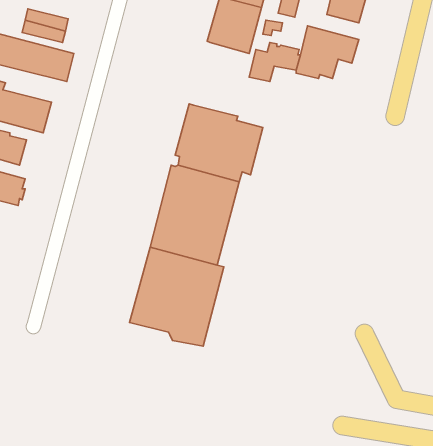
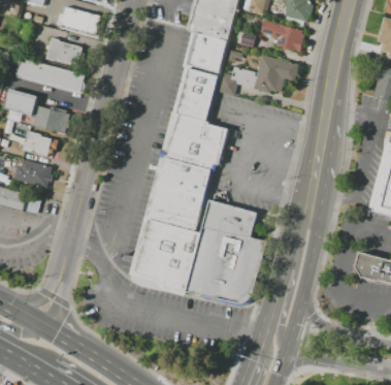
building: none -> [177,67,219,121]
building: none -> [185,200,267,304]

